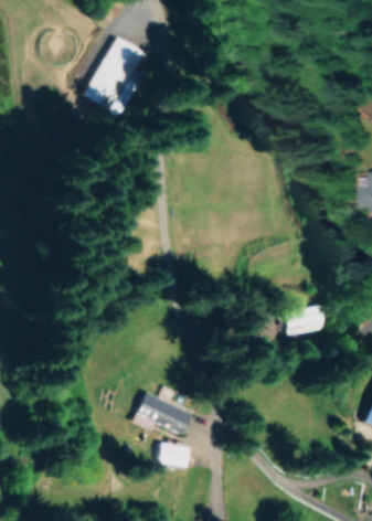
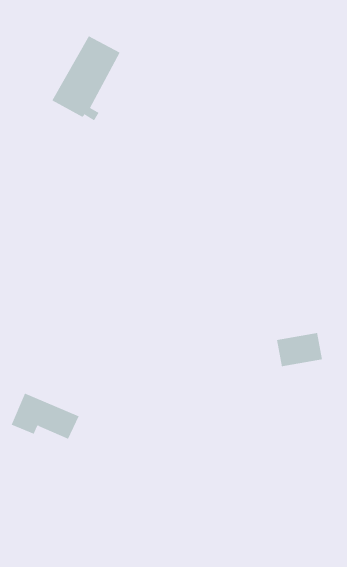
building: [130,393,192,435] -> [11,393,80,440]
building: [156,442,189,467] -> none

